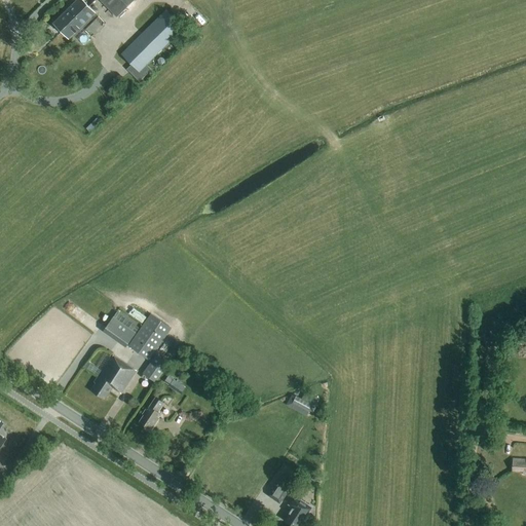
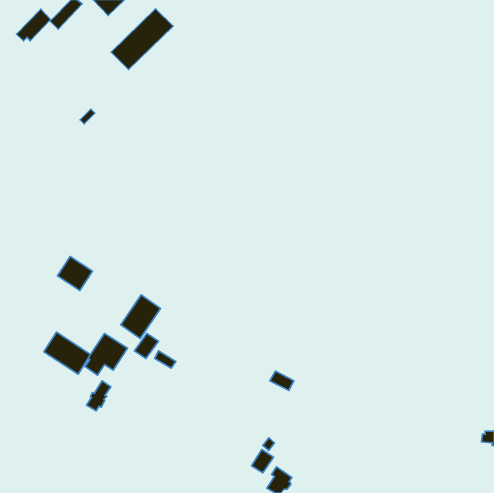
building: [62,4,98,38] -> [17,9,50,41]
building: [103,309,140,345] -> [58,257,92,290]
building: none -> [44,332,91,374]
building: [139,397,164,428] -> [87,381,111,411]

